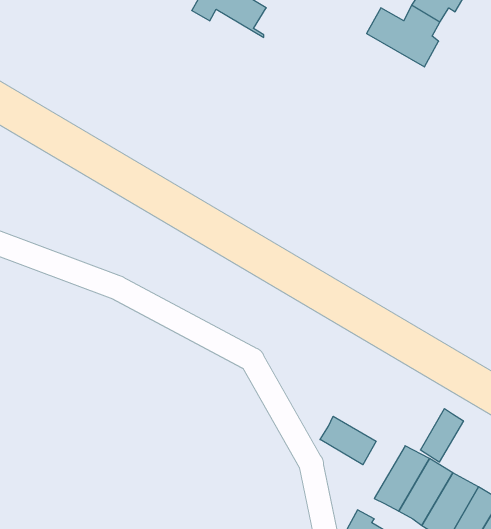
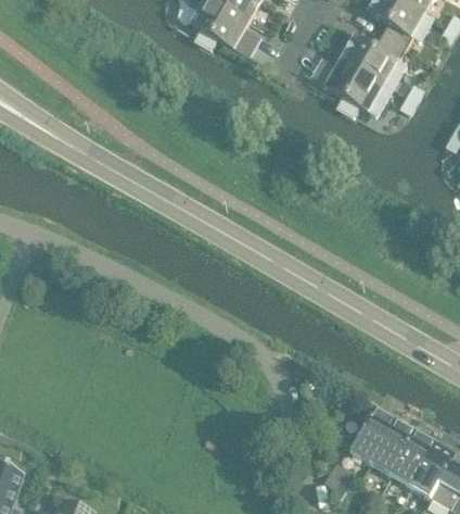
building: none -> [305,59,393,115]
building: [420,409,463,462] -> none
building: [320,416,376,465] -> none

